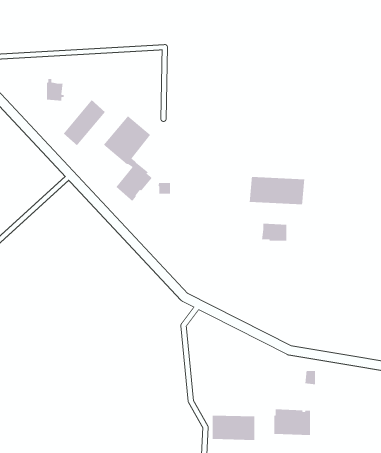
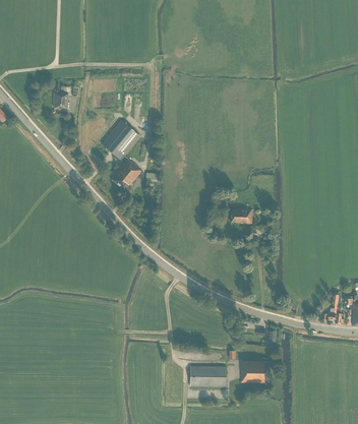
building: [63,99,106,146] -> none
building: [249,176,305,205] -> none

